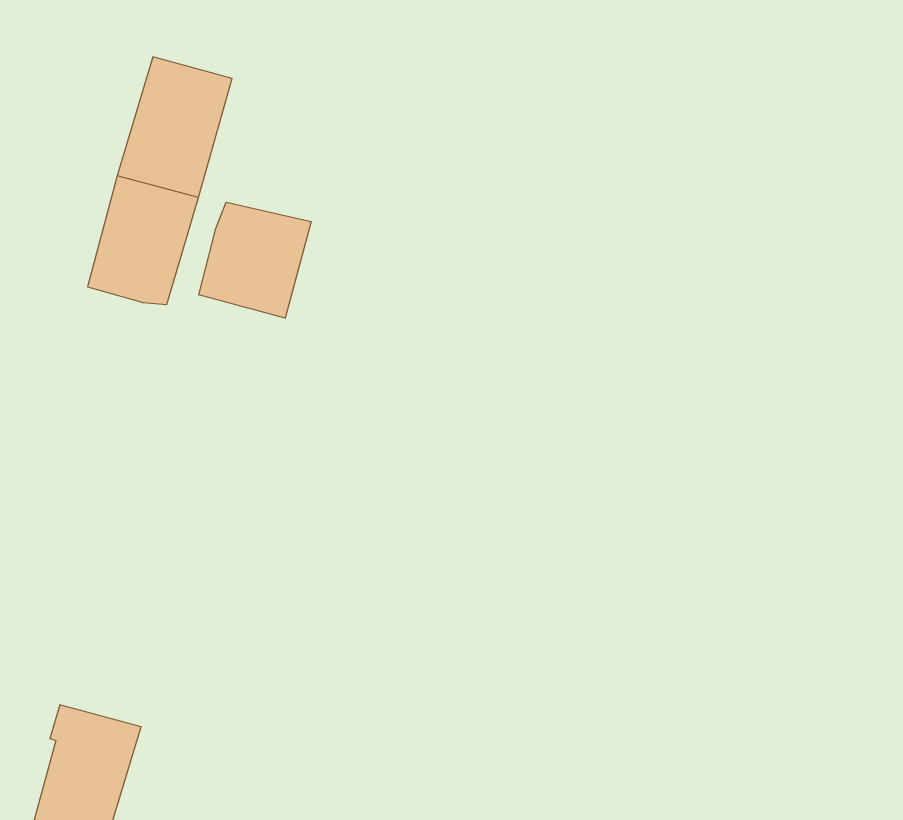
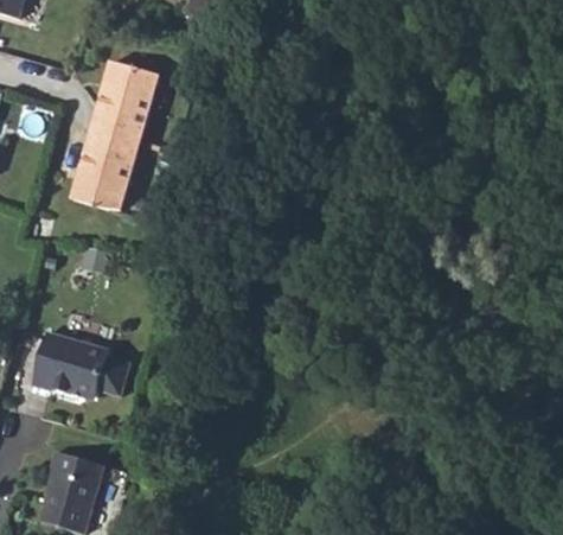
building: [199,202,311,318] -> none
building: none -> [31,332,128,396]

